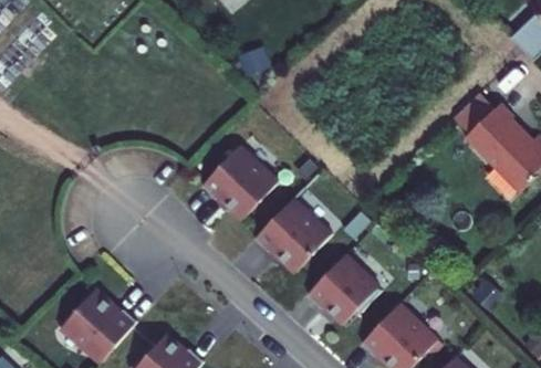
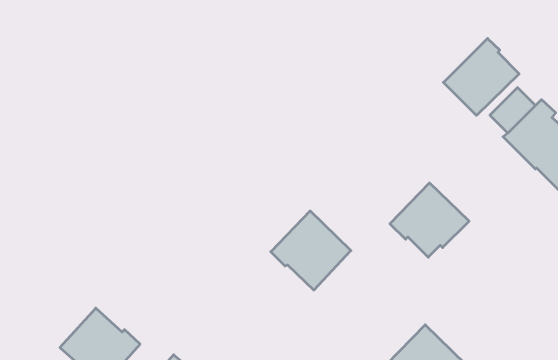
building: none -> [443,38,519,115]
building: [204,146,278,219] -> none
building: [306,257,379,326] -> [390,183,469,257]

